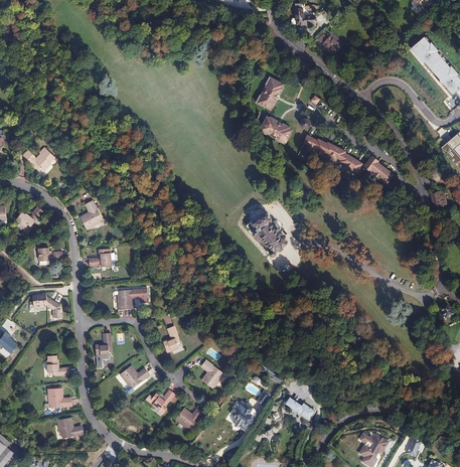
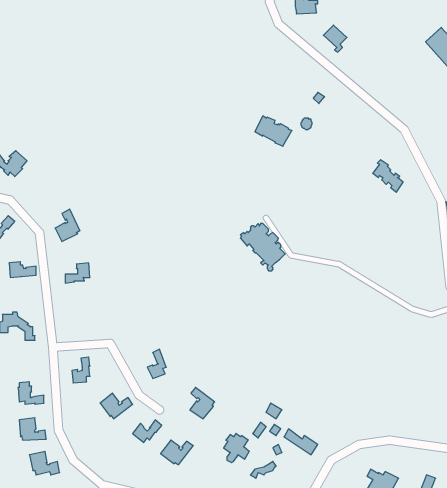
building: [256,76,283,110] -> none
building: [303,134,357,169] -> none
building: [117,288,147,309] -> none

